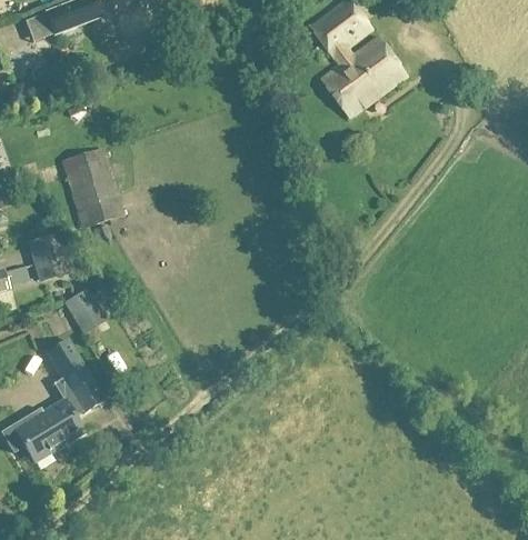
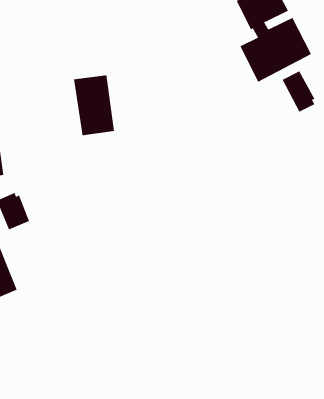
building: none -> [282,70,315,113]
building: [63,150,121,226] -> [73,75,115,136]

